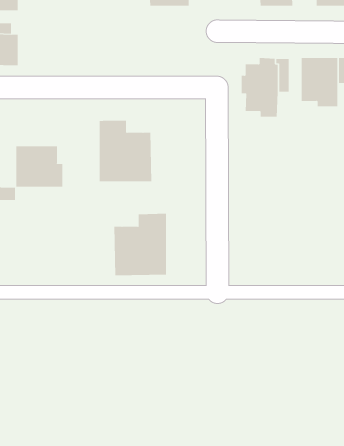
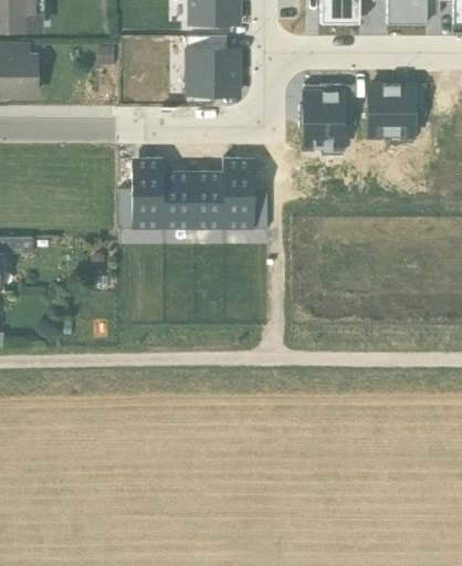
building: none -> [187,49,238,93]
building: [16,145,63,187] -> none
building: [114,213,167,276] -> [192,156,255,230]

